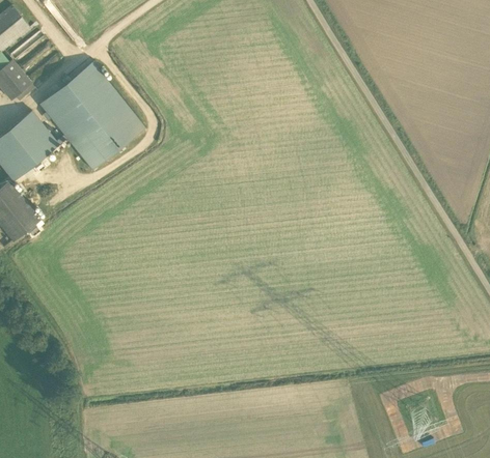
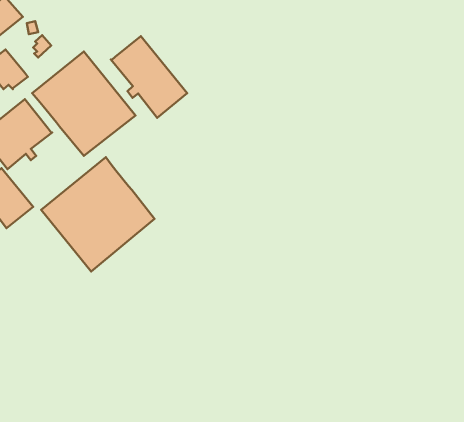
building: none -> [111,36,187,118]
building: none -> [41,157,155,271]

